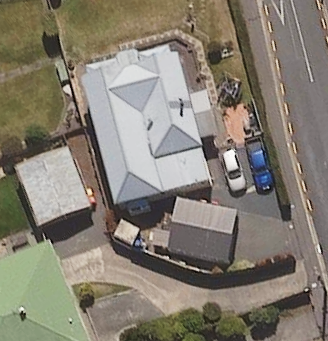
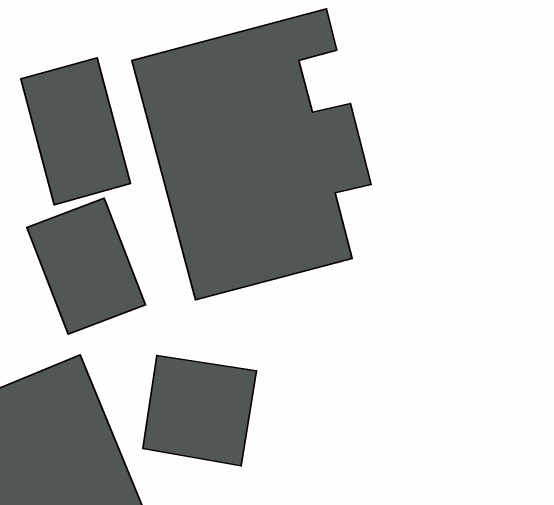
building: none -> [21,58,131,205]
building: [167,203,233,267] -> [143,355,257,466]

